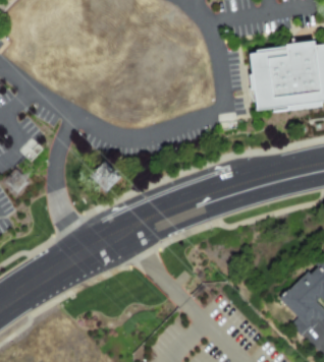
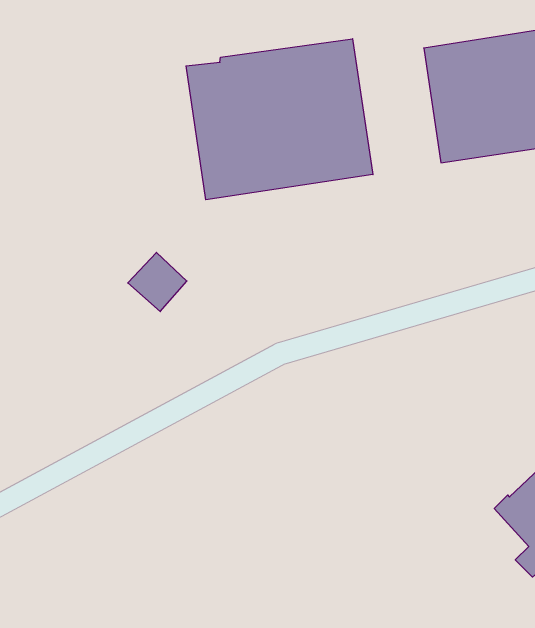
building: none -> [186,39,373,200]

